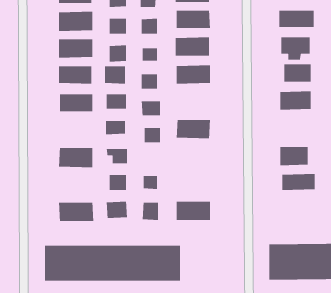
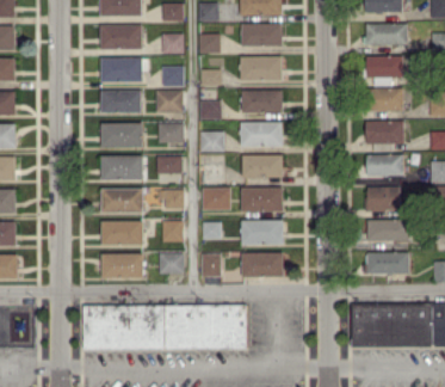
building: none -> [240,122,282,147]
building: none -> [366,154,403,177]
building: none -> [100,156,142,180]
building: none -> [202,188,230,210]
building: none -> [241,188,283,213]
building: none -> [241,220,283,245]
building: none -> [100,221,142,246]
building: none -> [366,252,409,275]

